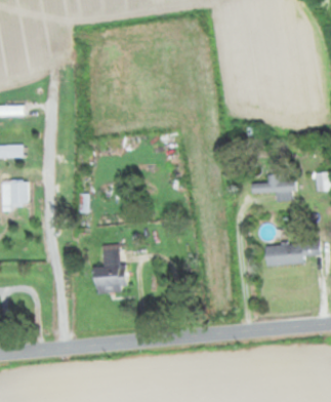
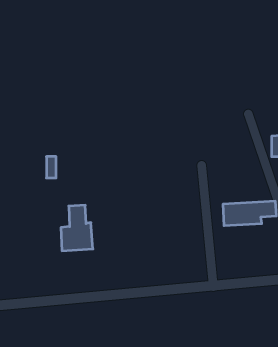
building: [253,175,295,202] -> none

